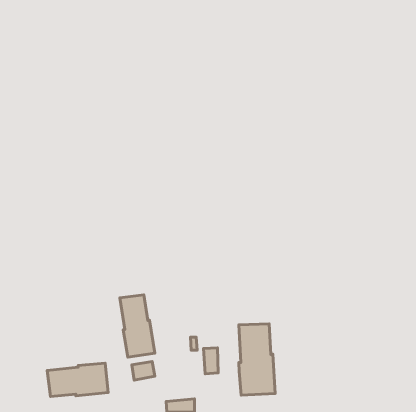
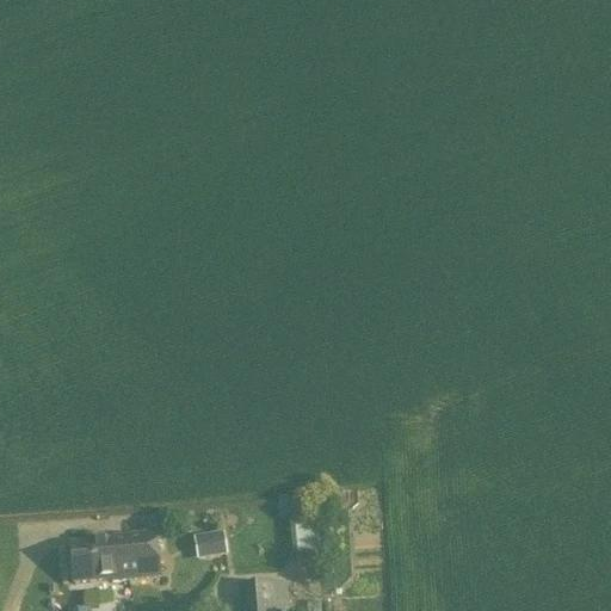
building: [120,295,155,357] -> none
building: [239,324,275,395] -> none

